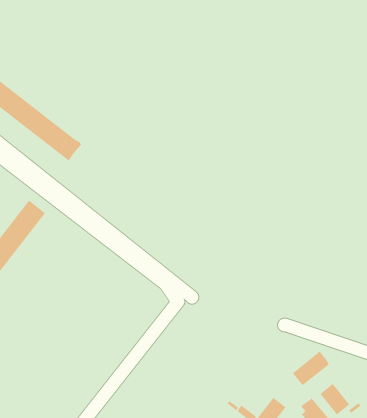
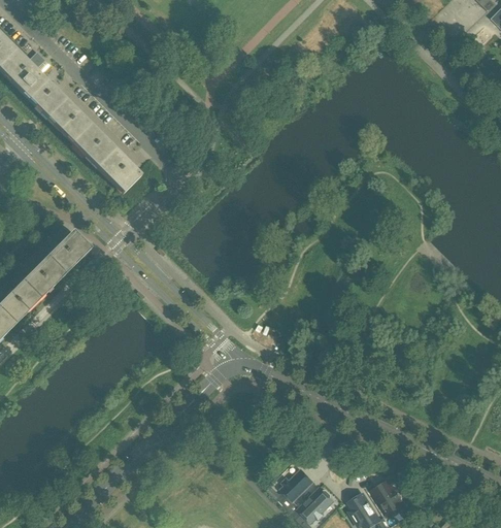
building: [292,350,330,386] -> none
building: none -> [282,467,314,499]

